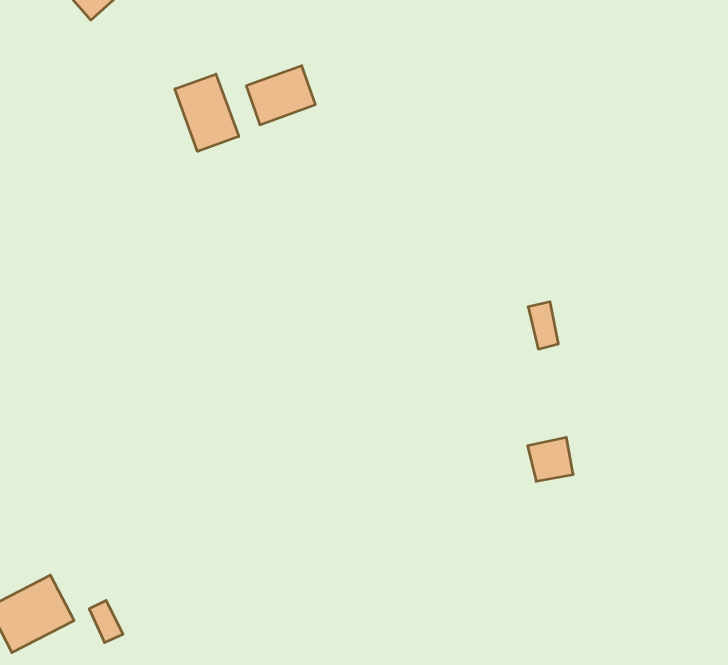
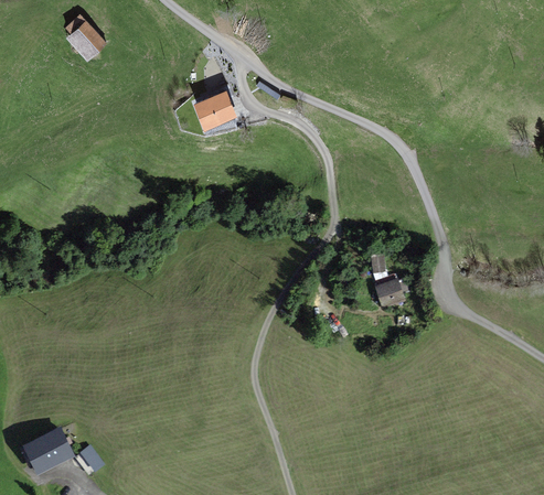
building: [175,74,239,151] -> none
building: [528,437,573,481] -> [378,276,408,304]

